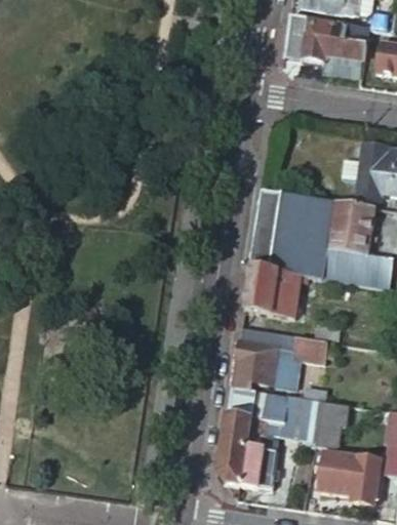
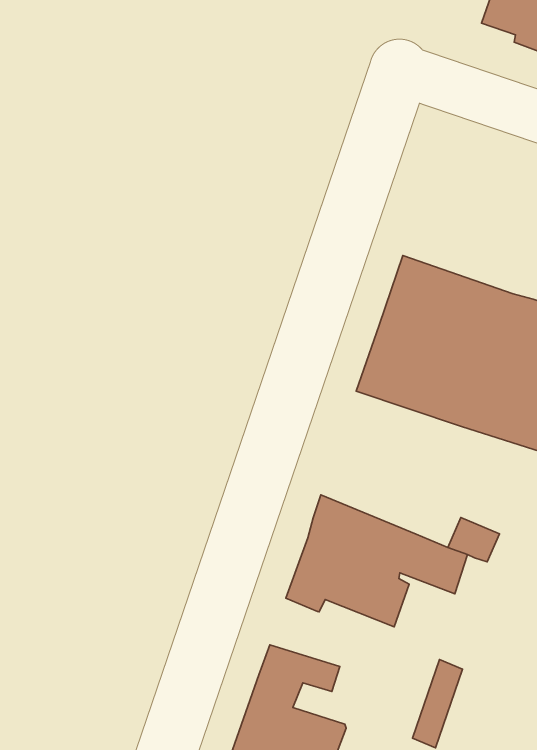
building: [244,268,311,317] -> none
building: [228,387,310,451] -> none

